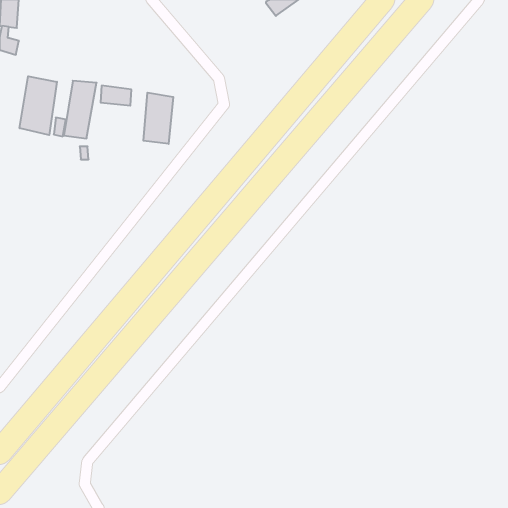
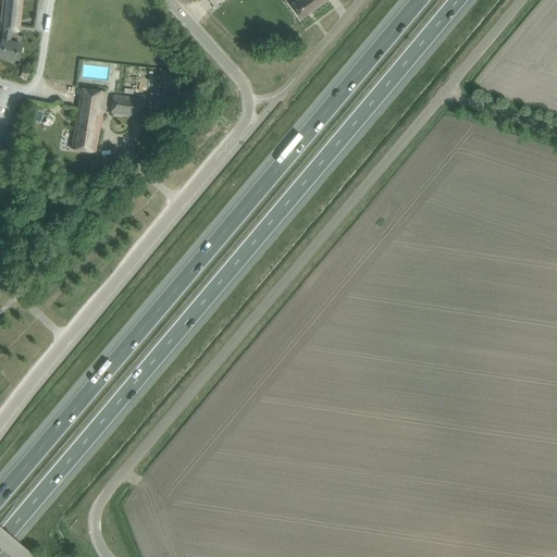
building: [20,76,57,135] -> none
building: [143,93,173,144] -> none

